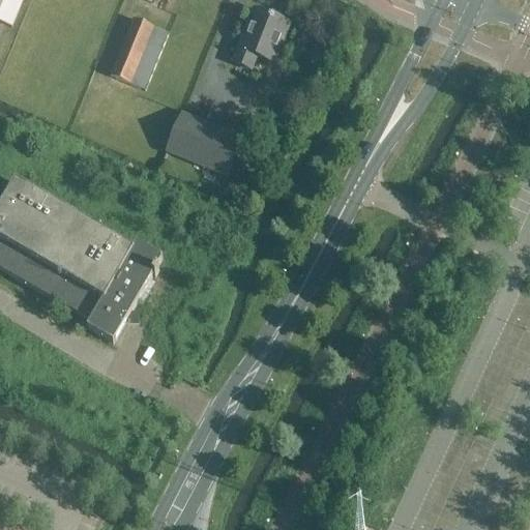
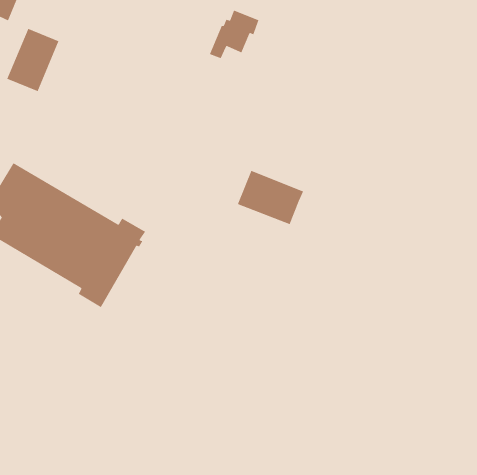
building: [109,16,168,87] -> [6,28,60,92]
building: [167,111,241,172] -> [237,170,304,225]

